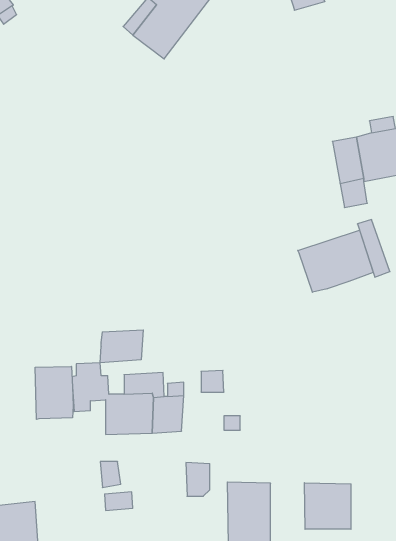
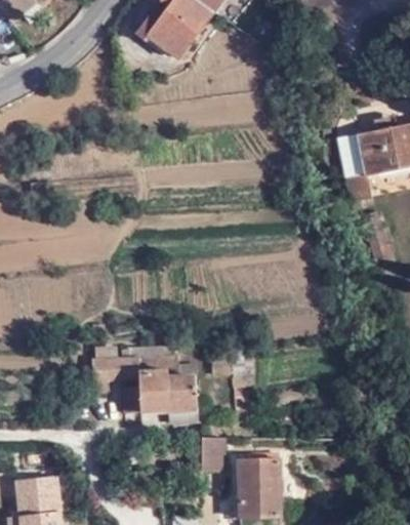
building: [298,230,373,292] -> none
building: [100,330,143,363] -> none
building: [35,366,73,419] -> none
building: [304,483,351,529] -> none

